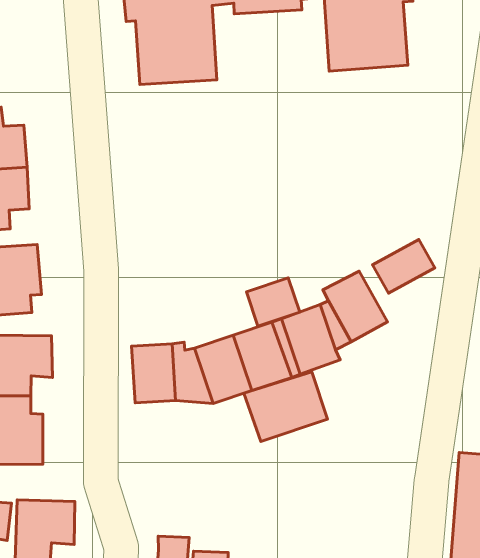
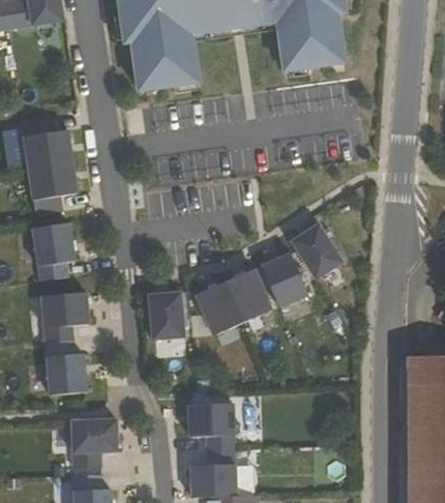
building: [373,239,435,293] -> none
building: [247,278,300,326] -> none
building: [244,372,328,442] -> none
building: none -> [190,403,236,449]

